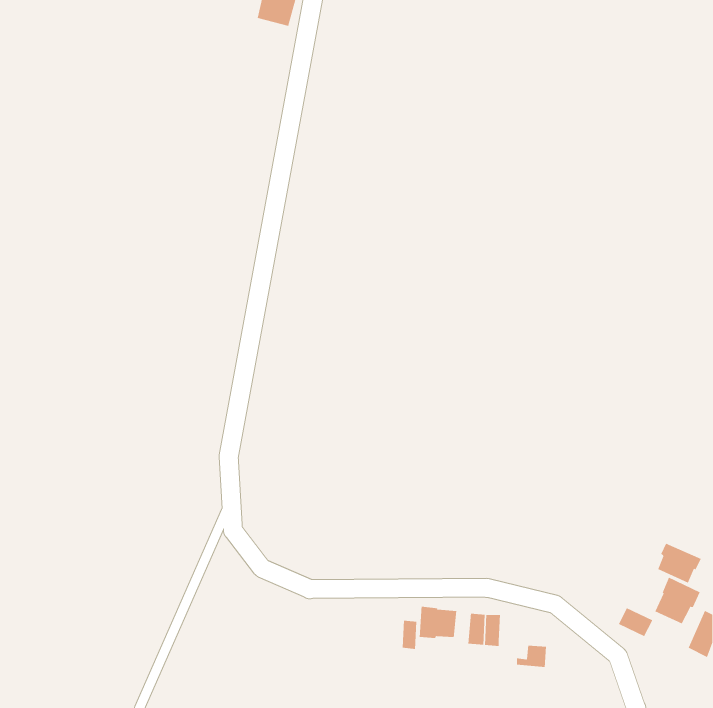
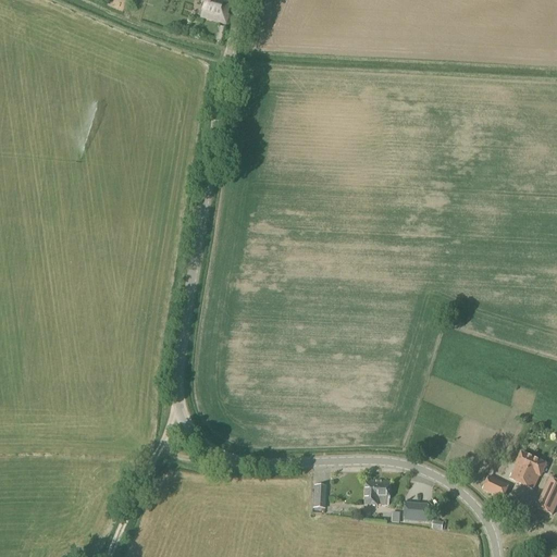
building: [658,543,702,583] -> none
building: [419,606,457,639] -> none

